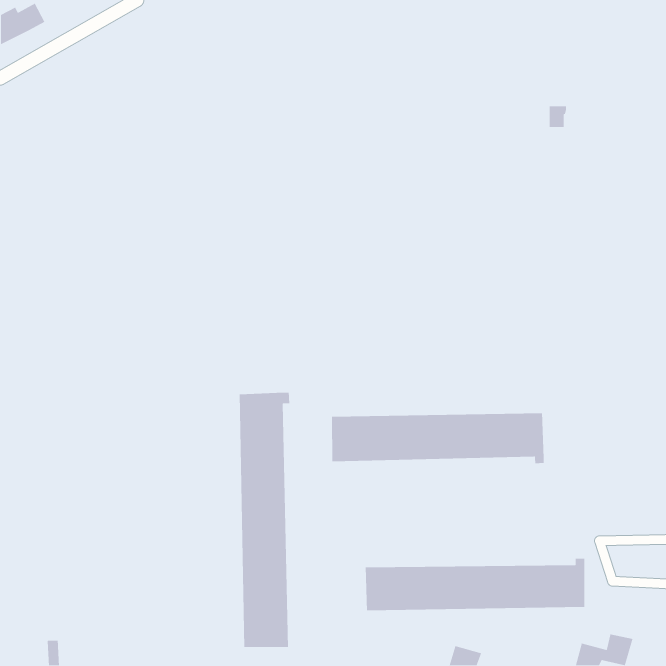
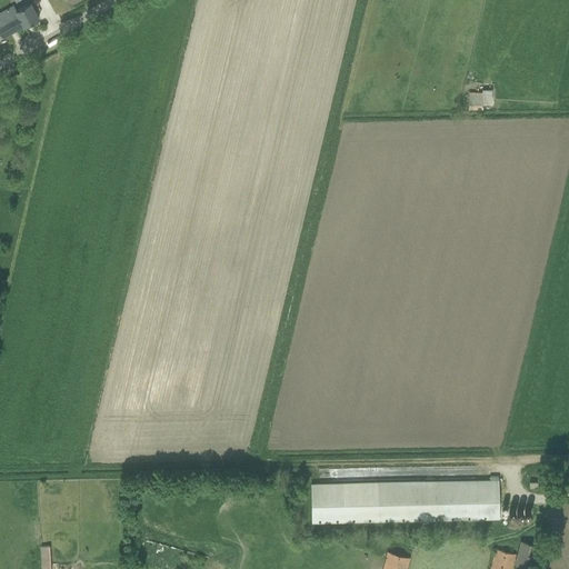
building: [239,392,290,648] -> none
building: [331,412,545,464] -> none

